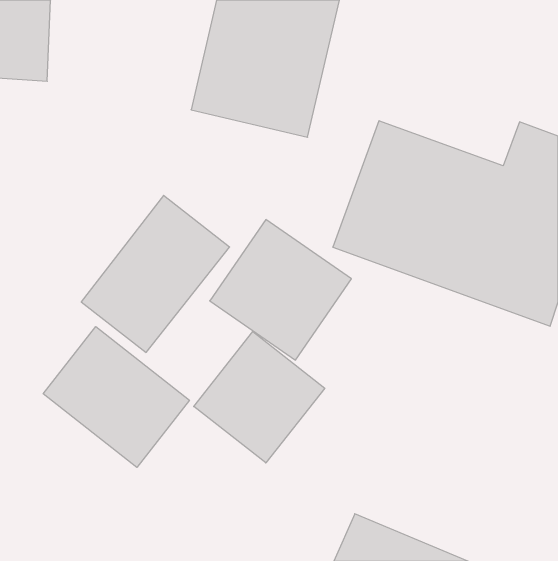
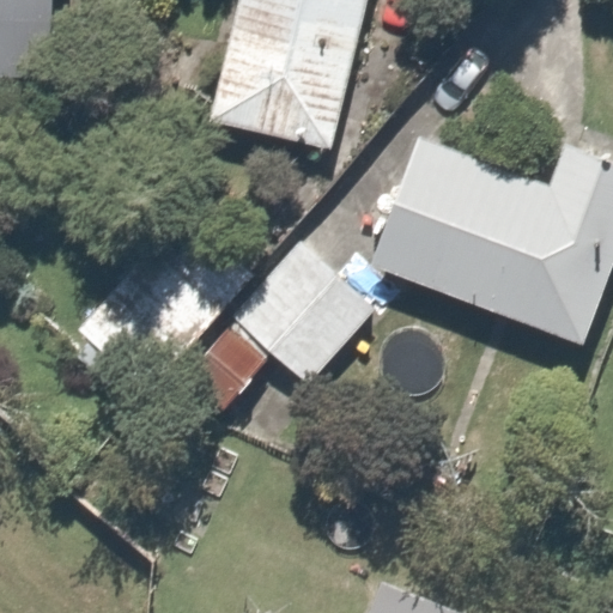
building: [43,327,189,467] -> none
building: [194,332,325,463] -> none

